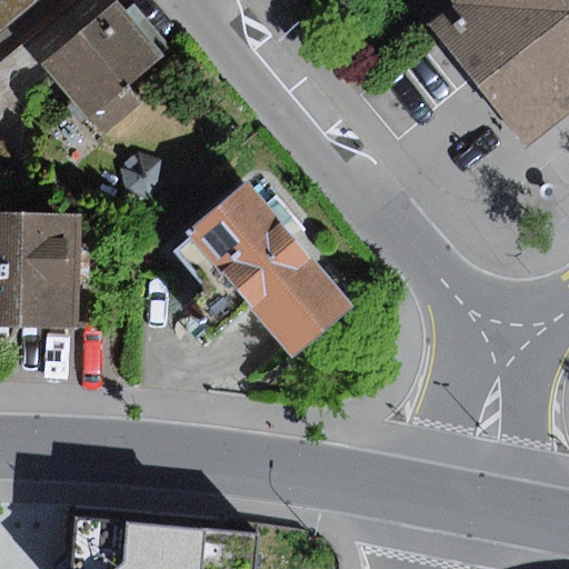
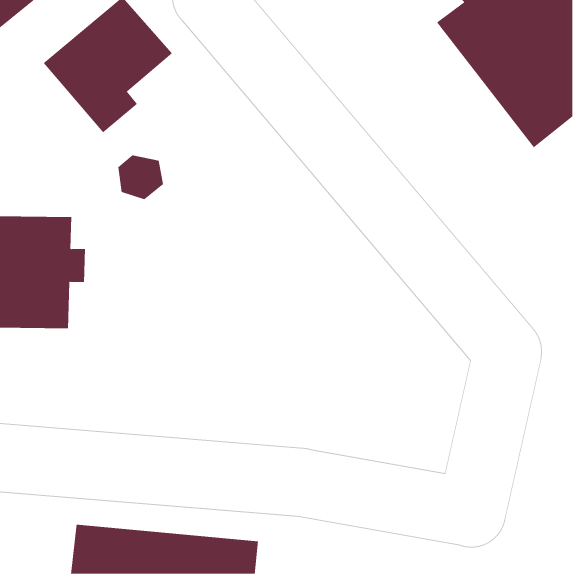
building: [176,184,356,361] -> none

